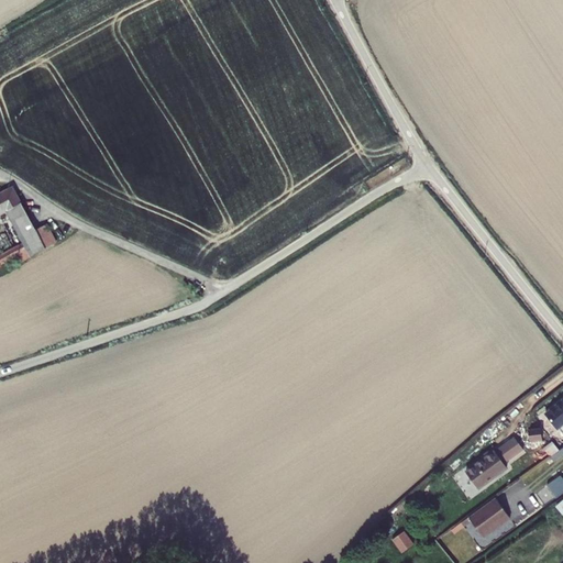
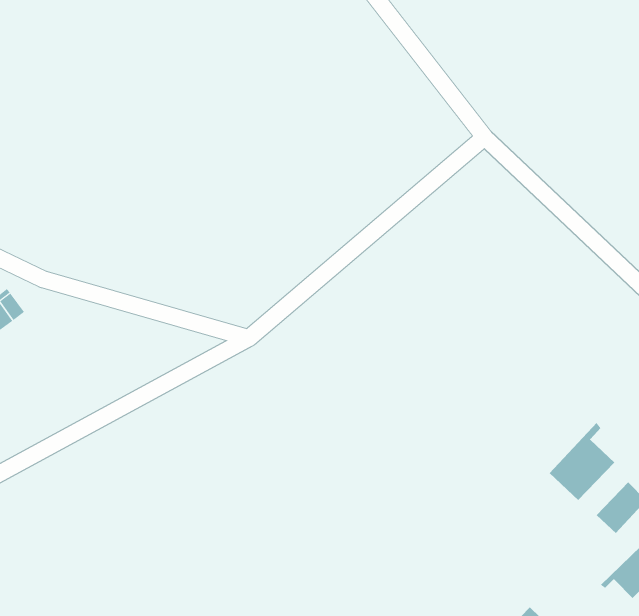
building: none -> [549,422,615,501]

